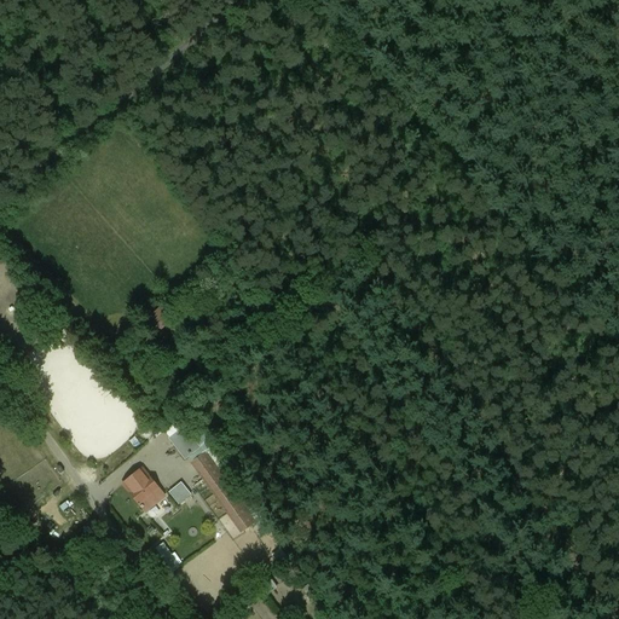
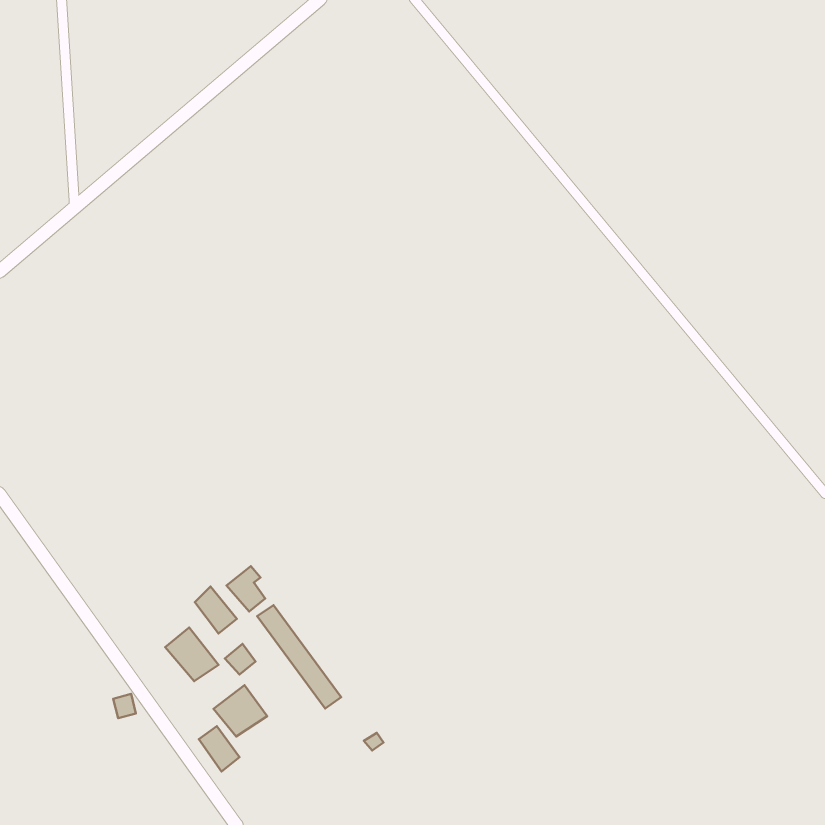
building: none -> [195,587,237,633]
building: none -> [213,685,267,736]

